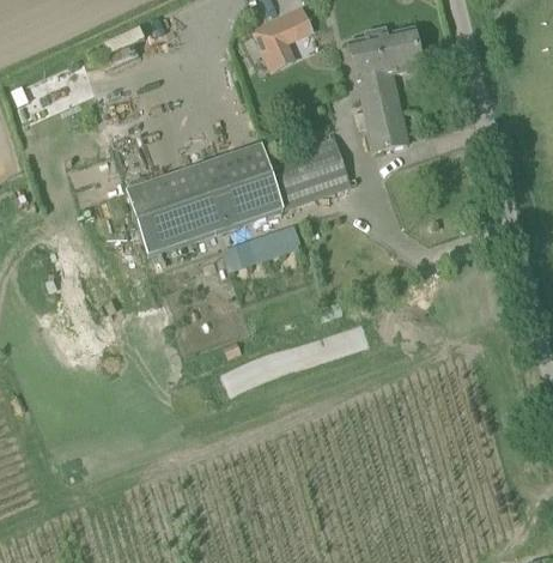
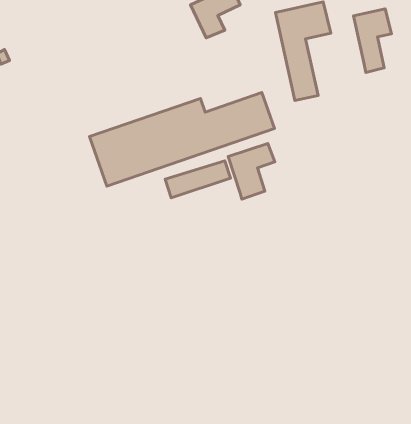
building: none -> [354,9,391,72]
building: none -> [228,143,275,199]

